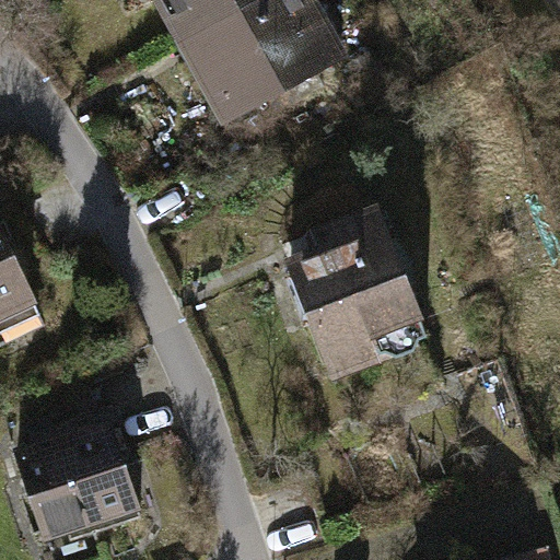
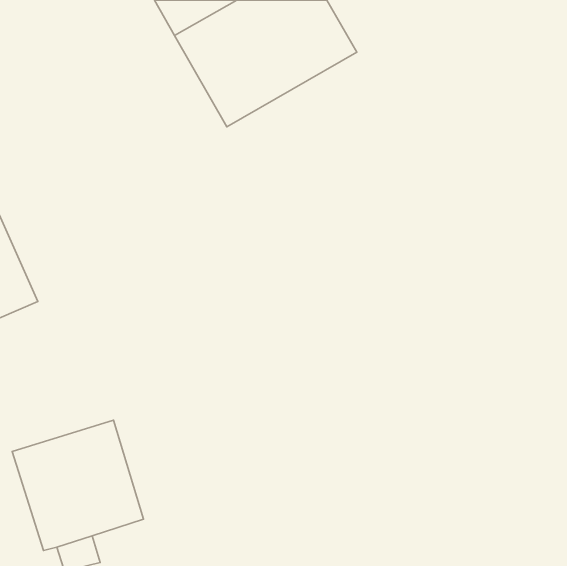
building: [273,200,429,376] -> none

